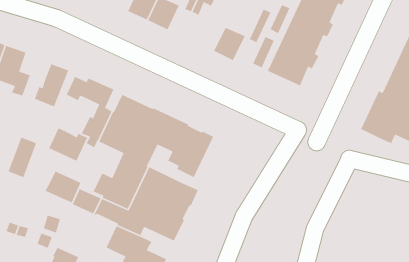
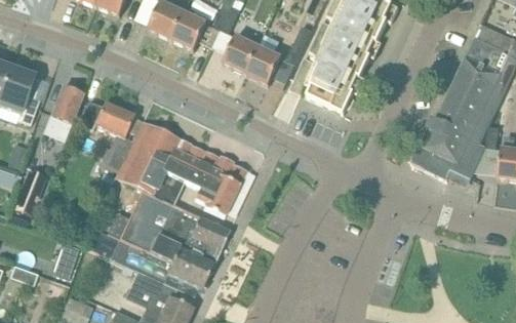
building: none -> [222,34,259,73]
building: [48,127,88,162] -> none
building: [45,170,82,203] -> none

